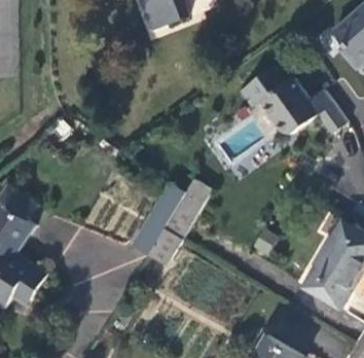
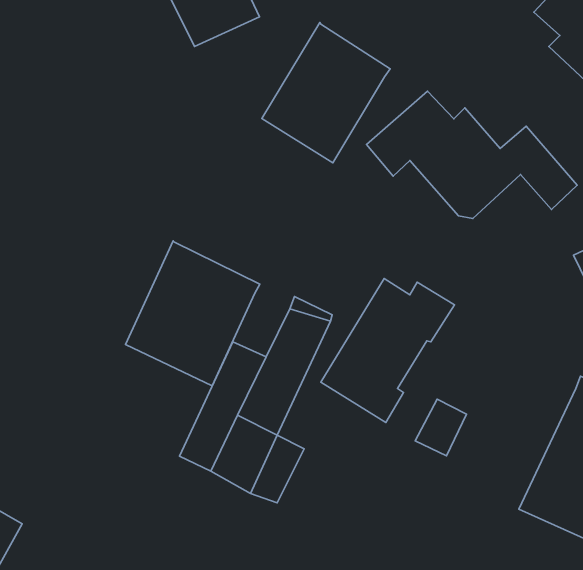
building: none -> [262,23,390,163]
building: none -> [125,241,260,386]
building: none -> [321,279,454,423]

